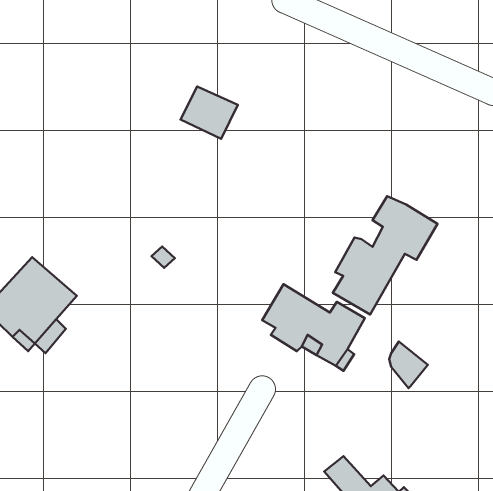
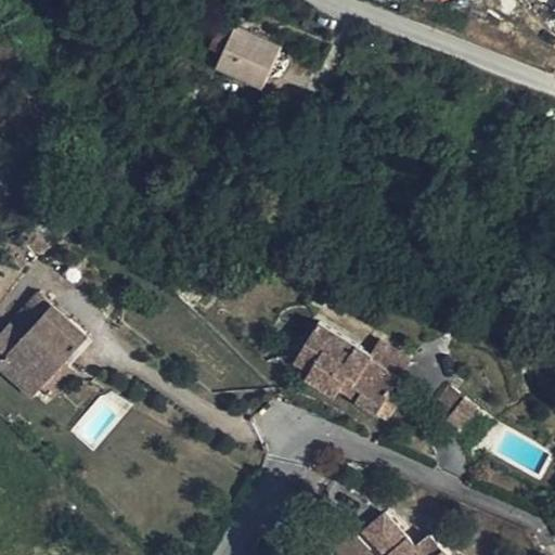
building: [181,87,238,139] -> [215,28,279,87]
building: [333,196,438,314] -> none

